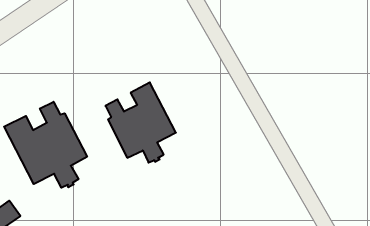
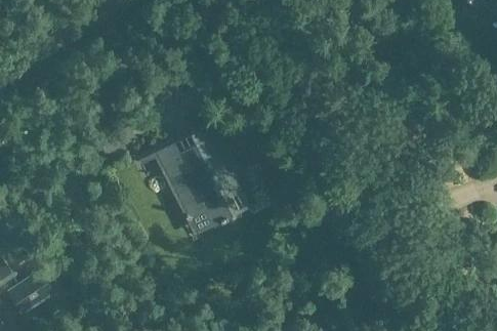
building: [4,102,87,188] -> none

